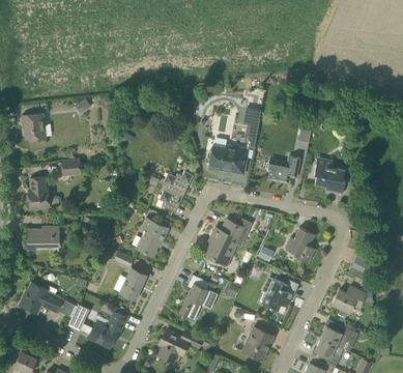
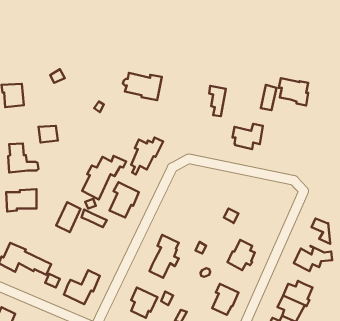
building: [207,145,249,174] -> [123,73,162,100]
building: [314,165,345,194] -> [279,78,308,105]
building: [205,218,252,264] -> [82,156,126,200]
building: [285,228,315,263] -> none
building: [120,268,146,300] -> [56,202,81,232]

